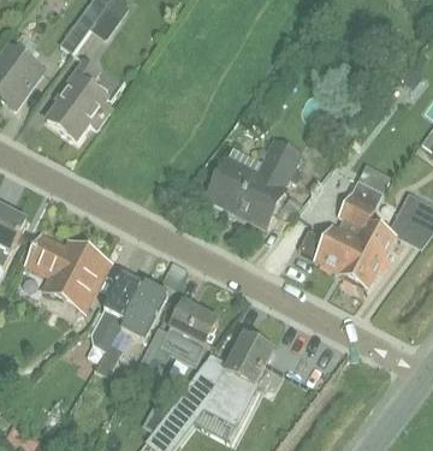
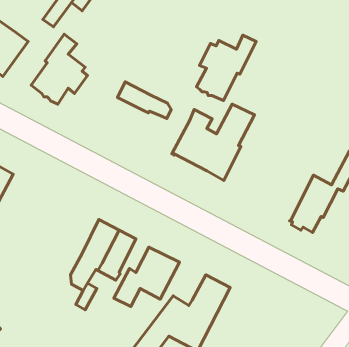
building: none -> [196,35,256,101]
building: none -> [117,82,171,119]
building: [298,171,386,272] -> none
building: [28,236,108,308] -> none

